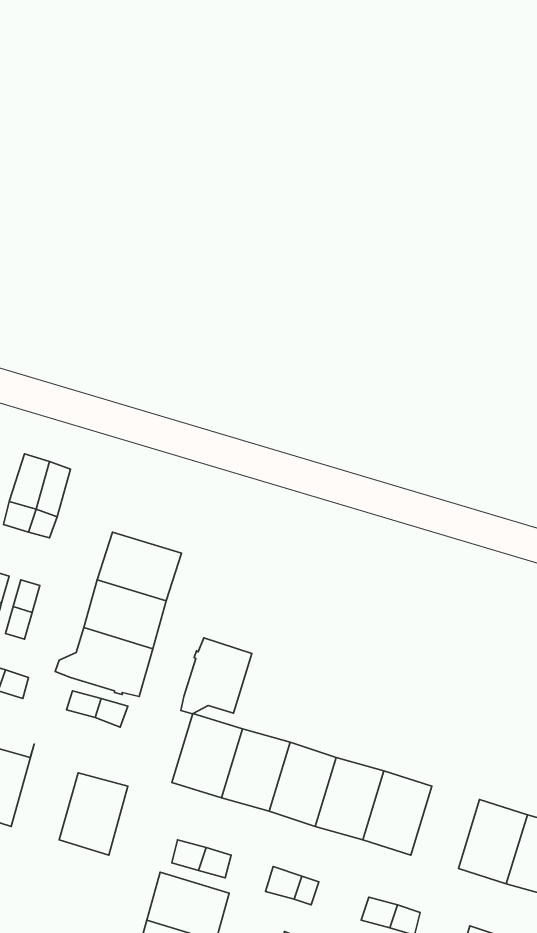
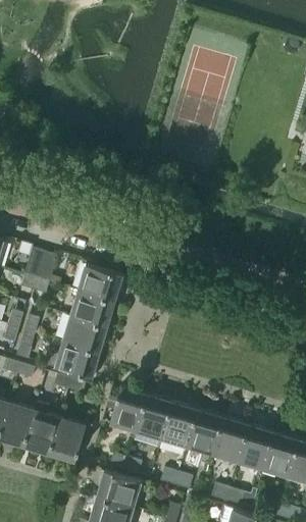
building: none -> [78,265,121,302]
building: [181,638,252,714] -> none
building: none -> [23,404,59,455]
building: none -> [237,426,273,470]

